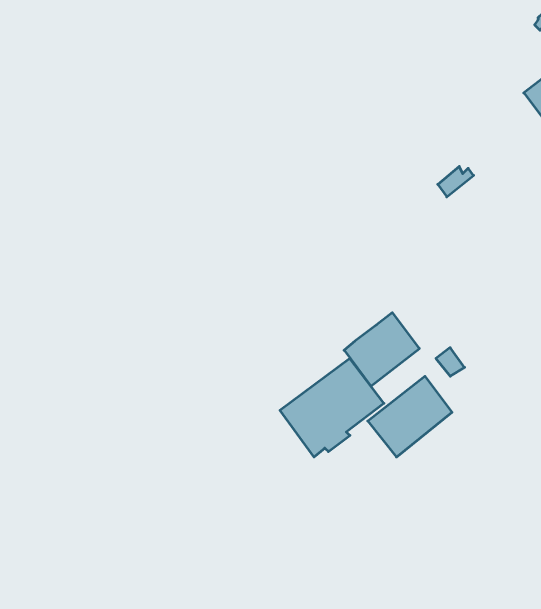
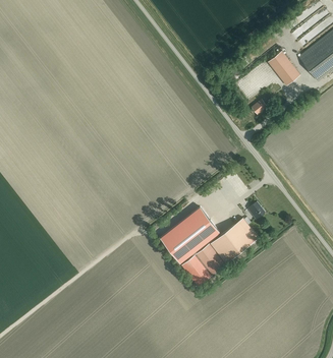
building: none -> [267,52,299,85]
building: [344,313,419,386] -> [181,244,224,286]

